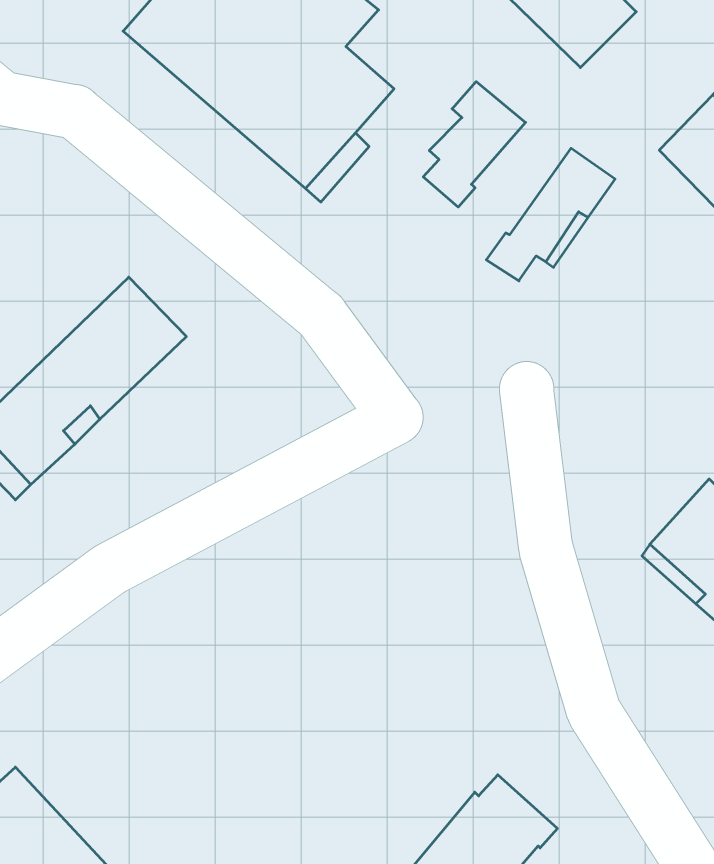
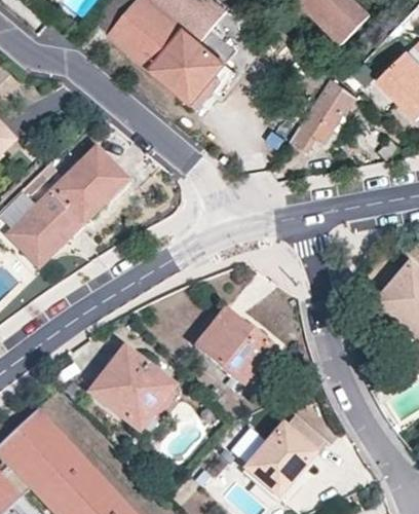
building: [423,82,526,207] -> none
building: none -> [196,310,271,383]
building: none -> [89,347,174,431]

